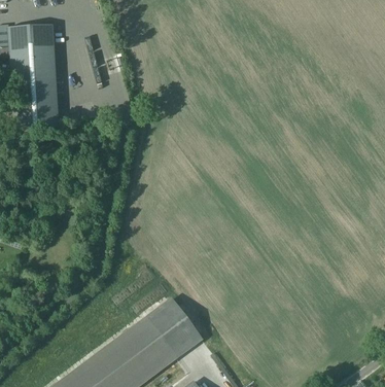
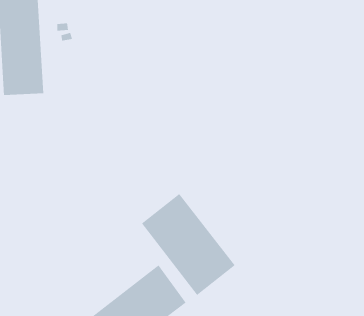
building: none -> [141,193,235,296]

